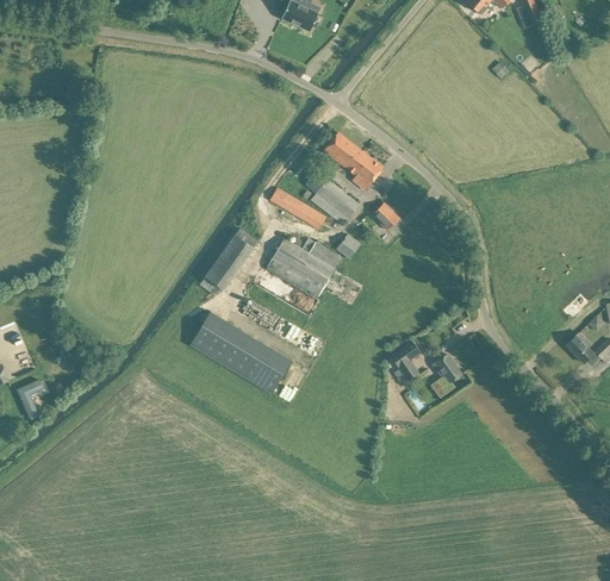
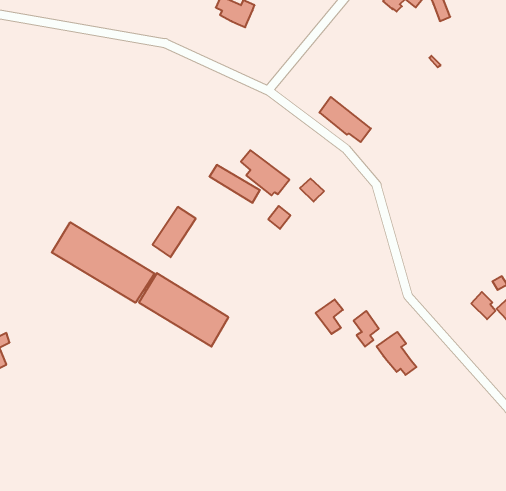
building: [324,132,382,183] -> [319,97,371,142]
building: [268,238,341,296] -> none
building: none -> [52,222,155,303]
building: none -> [377,332,416,375]

